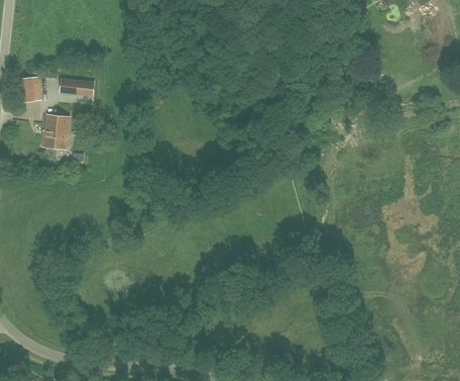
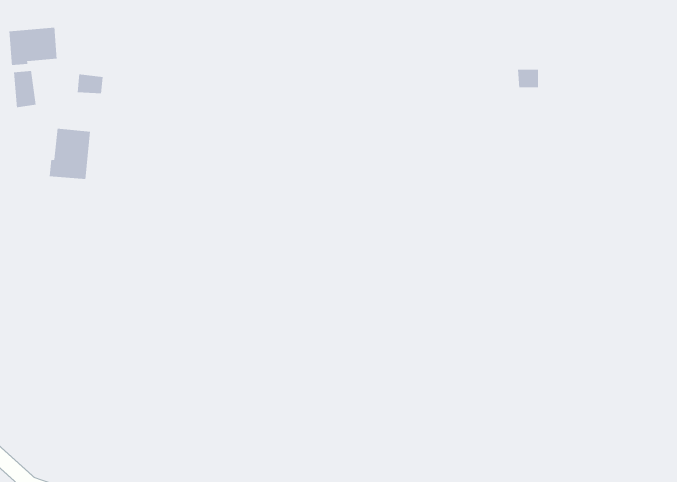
building: none -> [9,27,57,66]

